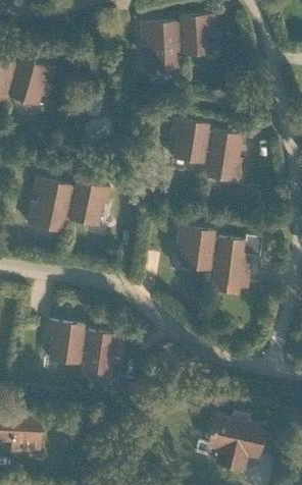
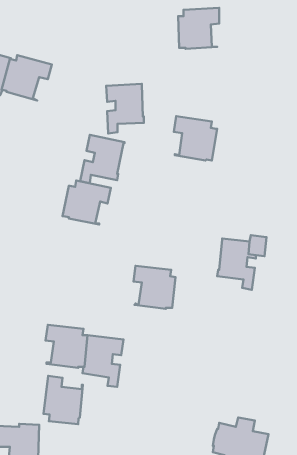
building: [141,23,178,71] -> [106,84,144,133]
building: [207,132,247,183] -> none
building: [28,180,70,227] -> [80,135,124,183]
building: [178,229,218,271] -> [133,266,175,309]
building: none -> [44,376,83,424]

